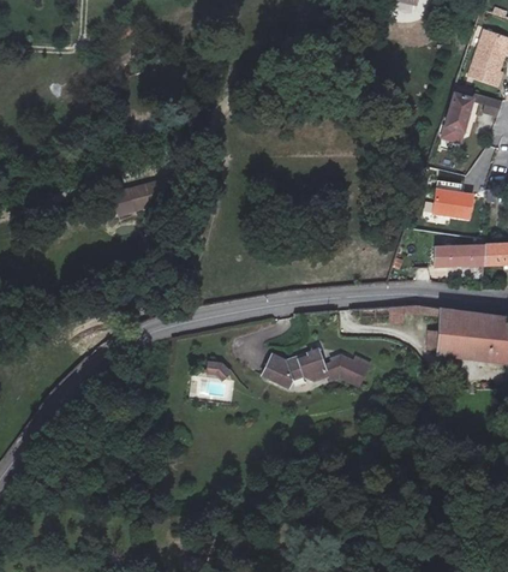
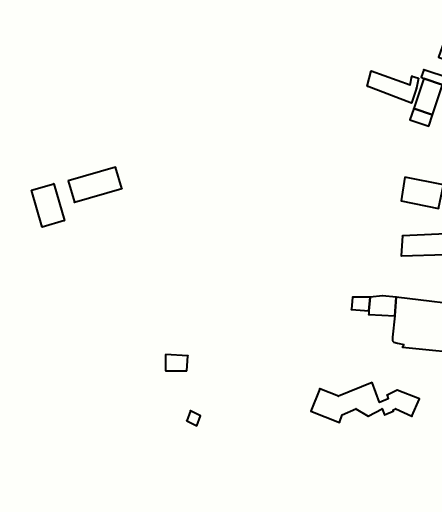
building: none -> [367,71,418,103]
building: none -> [32,184,64,227]
building: [268,345,372,383] -> [311,383,419,422]

